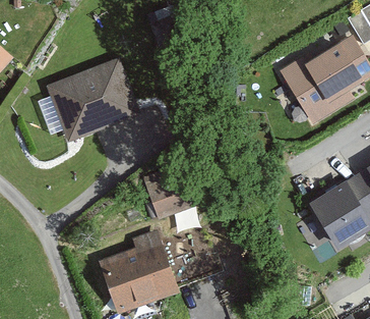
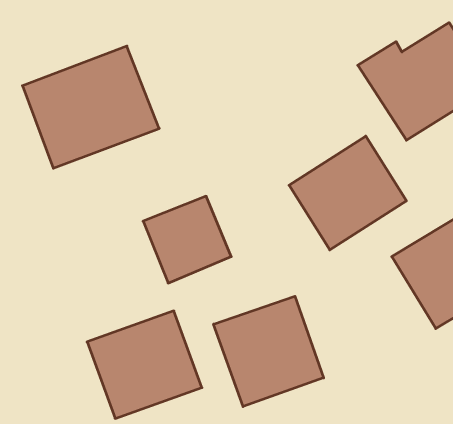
building: none -> [289,136,406,250]
building: none -> [214,296,324,407]

